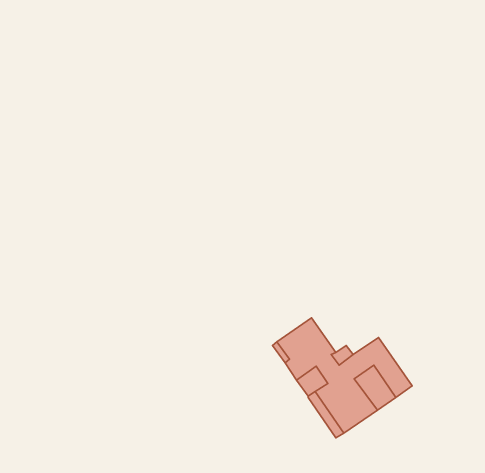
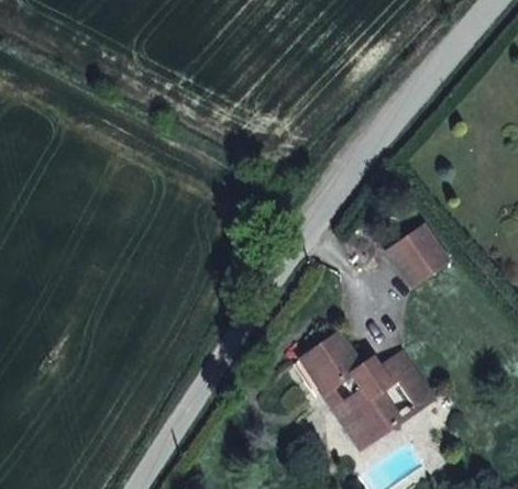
building: none -> [384,224,449,288]

